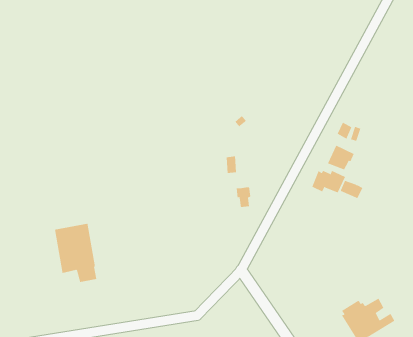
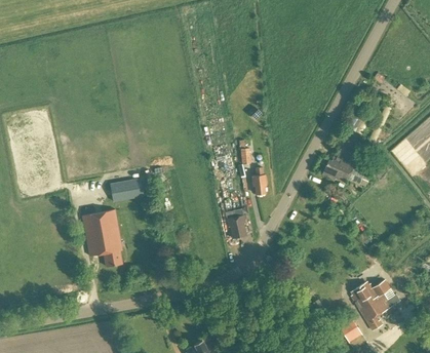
building: none -> [111,179,145,202]
building: none -> [226,209,247,238]

